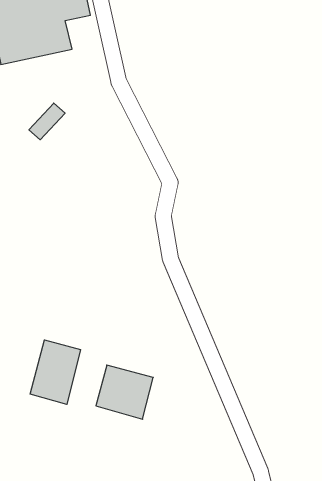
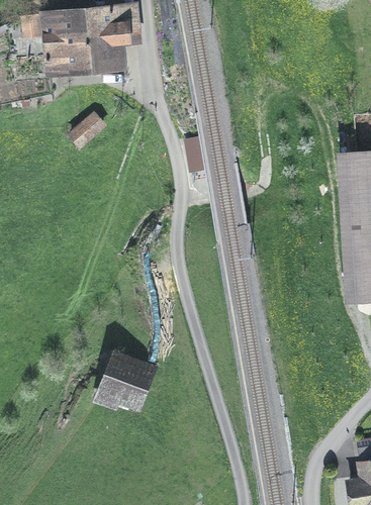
building: [30,340,81,404] -> none

